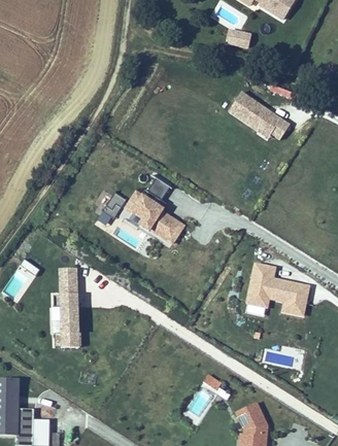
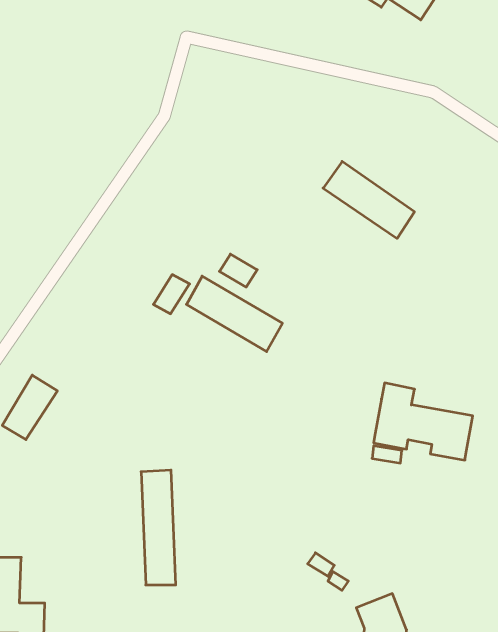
building: [226,28,251,47] -> none
building: [230,91,290,141] -> [323,161,414,238]
building: [58,270,80,345] -> [141,470,176,585]

